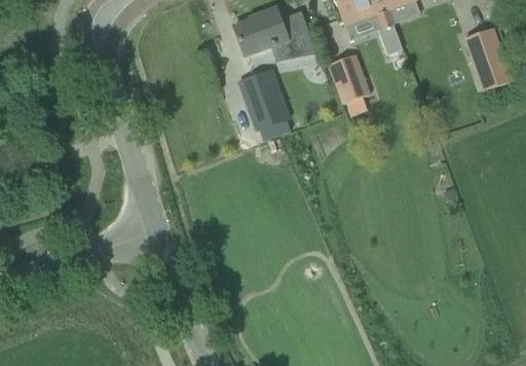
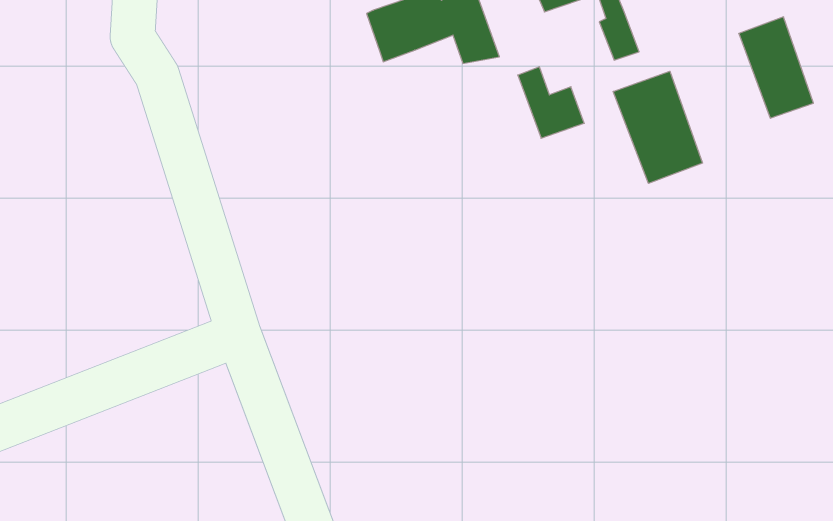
building: none -> [613,71,702,183]
building: [238,69,289,130] -> none

